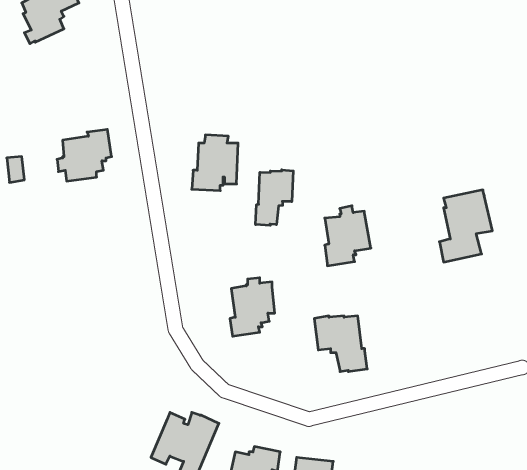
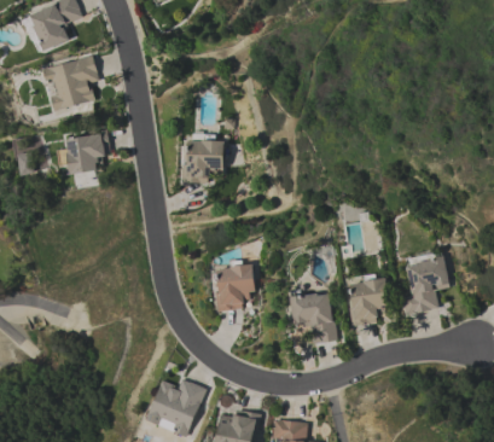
building: none -> [41,56,99,111]
building: [256,170,293,225] -> none
building: [439,190,492,262] -> [401,251,448,315]
building: [325,206,371,266] -> [349,273,390,326]

